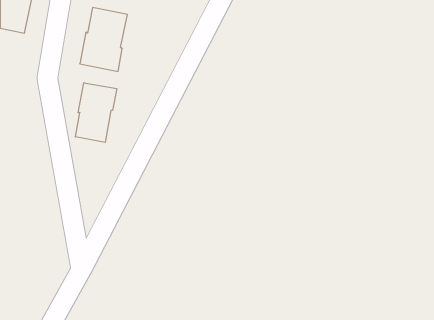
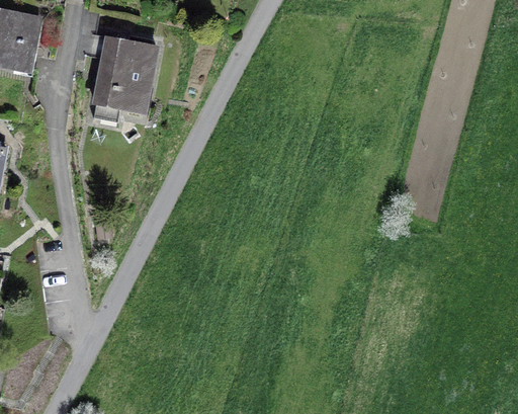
building: [75,83,117,142] -> none

